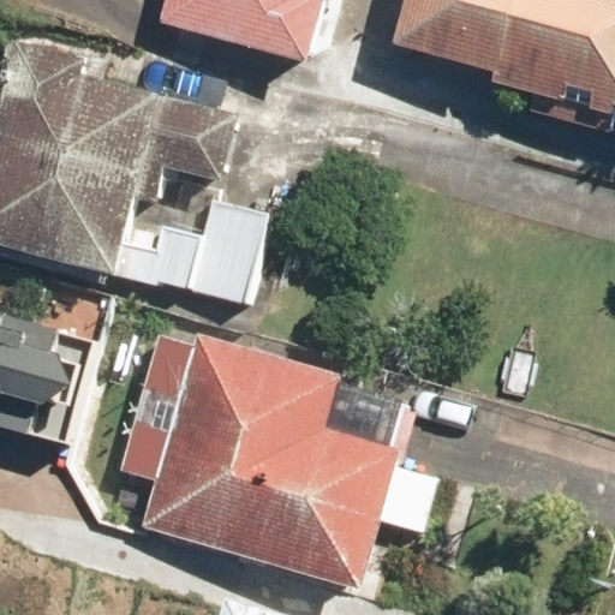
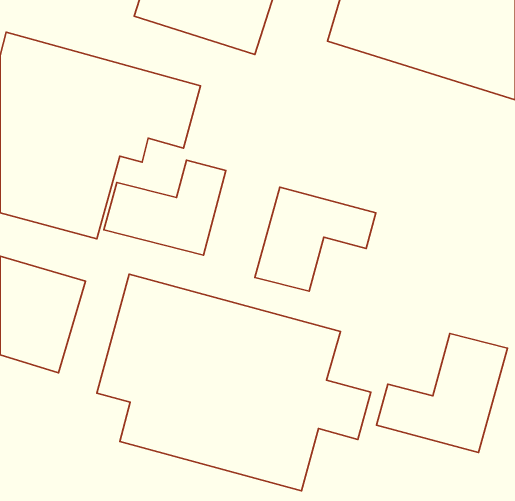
building: none -> [255,187,376,291]
building: none -> [377,334,507,452]

